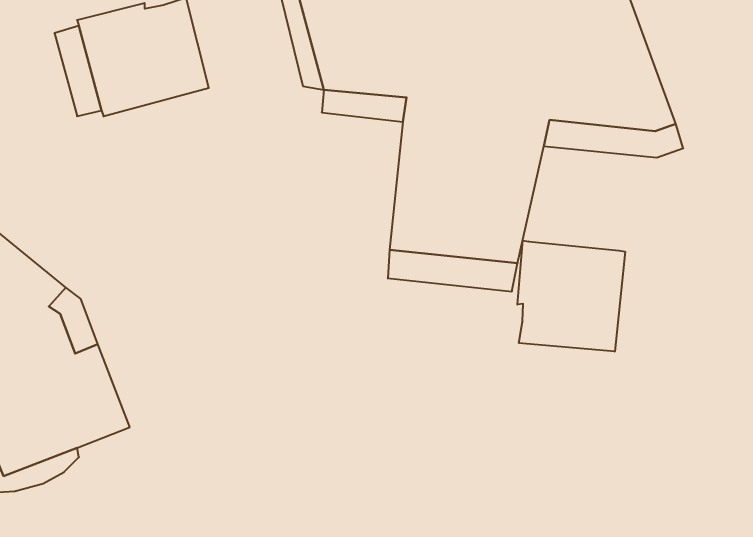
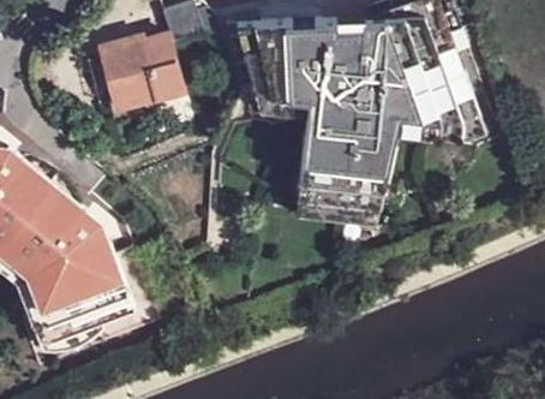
building: [517,240,625,352] -> none

